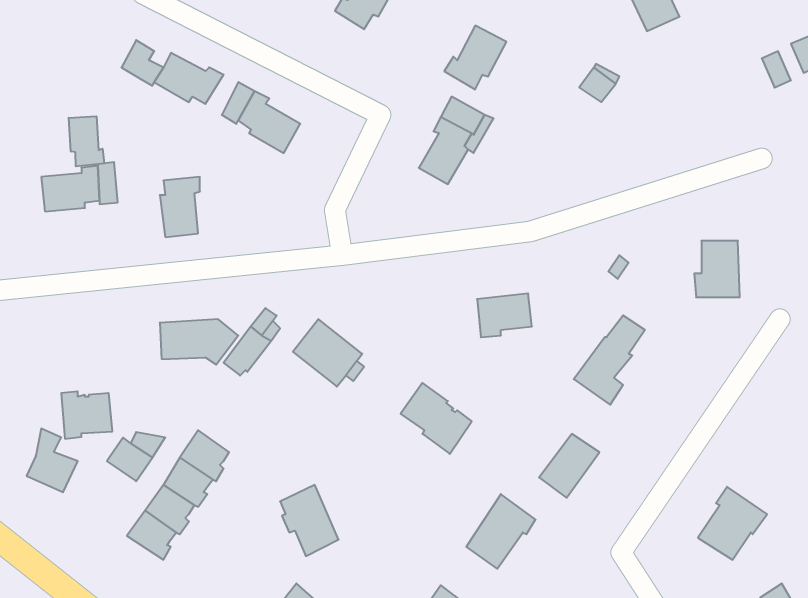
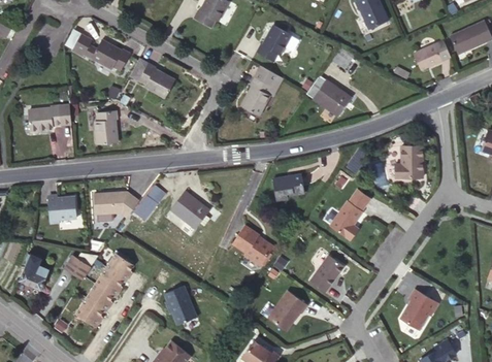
building: none -> [414,43,442,70]
building: none -> [306,74,352,116]
building: [69,116,104,166] -> none
building: [61,391,112,439] -> [50,195,78,222]

